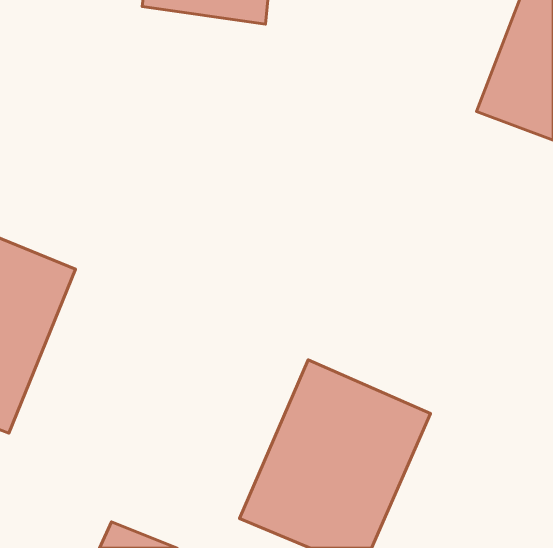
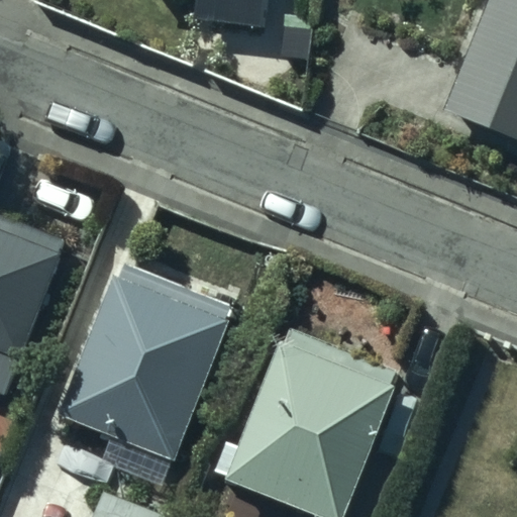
building: none -> [65,266,234,456]

